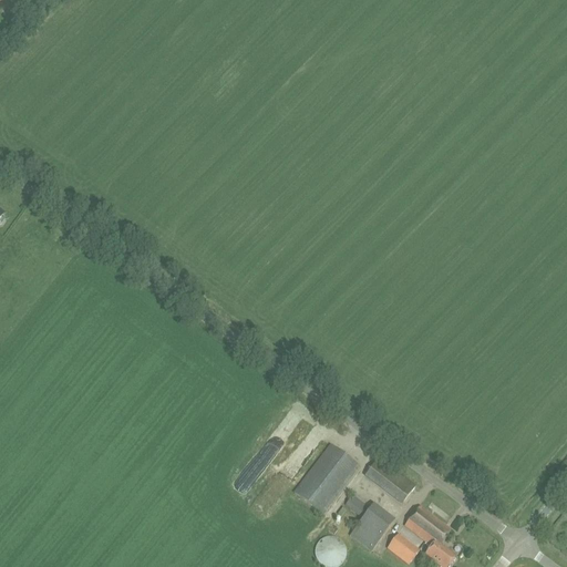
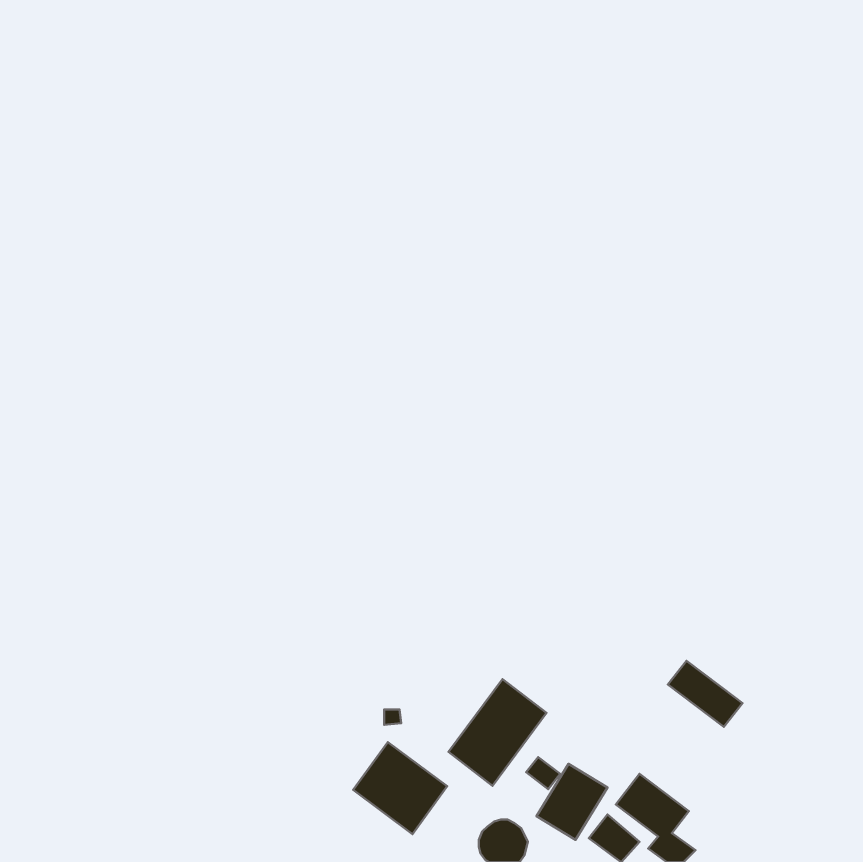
building: [365,458,414,502] -> [668,661,742,727]
building: none -> [353,742,447,834]

